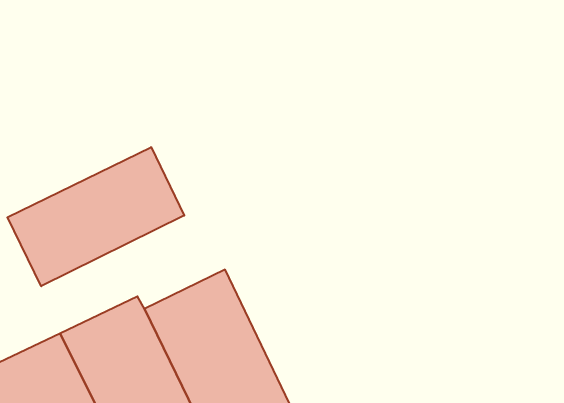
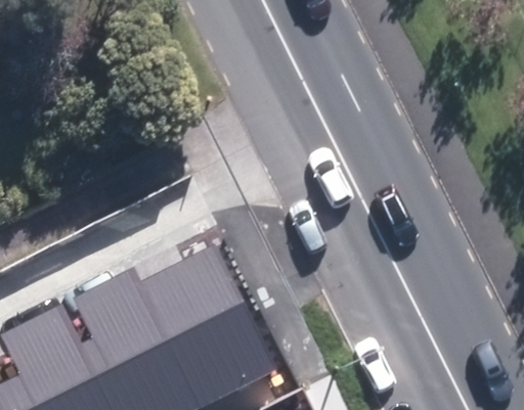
building: [7,147,184,286] -> none

